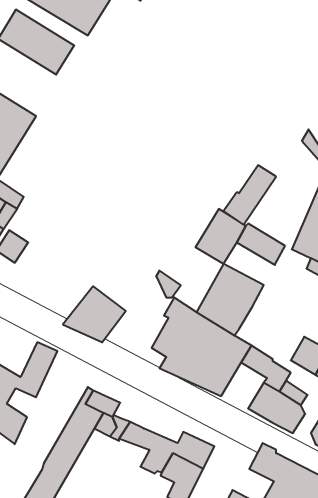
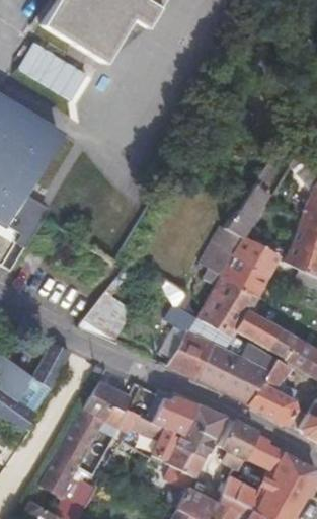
building: none -> [223,251,269,290]
building: none -> [237,309,296,358]
building: none -> [221,360,262,401]
building: none -> [151,393,226,436]
building: none -> [222,420,258,468]

